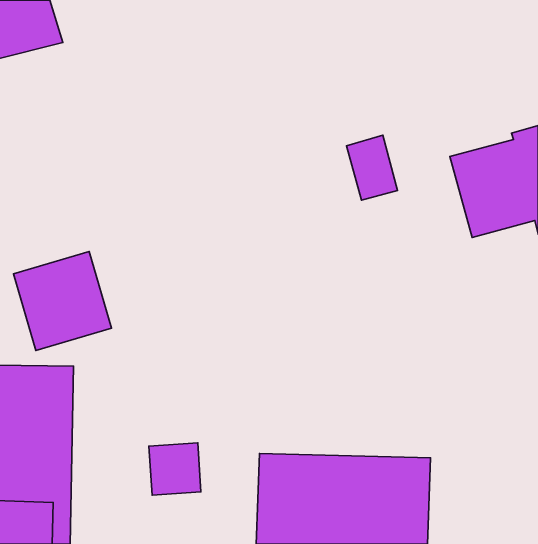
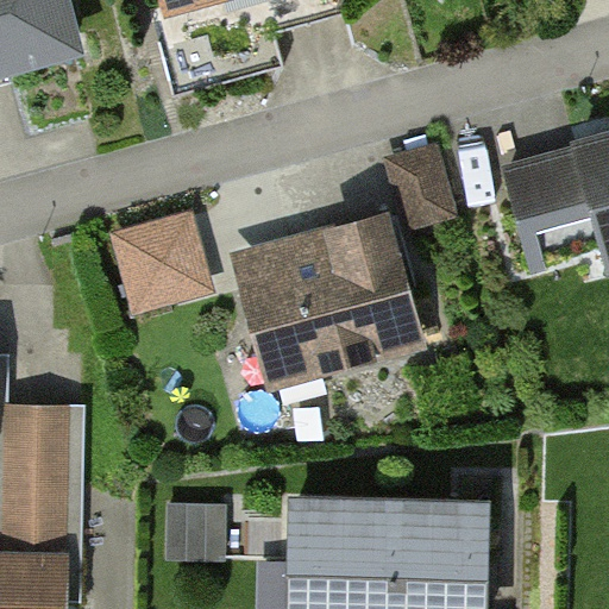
building: none -> [243,220,415,379]
building: [14,251,111,350] -> [109,196,219,307]

